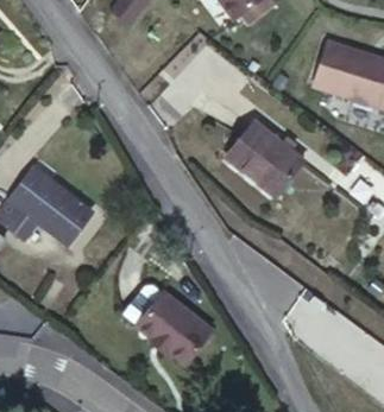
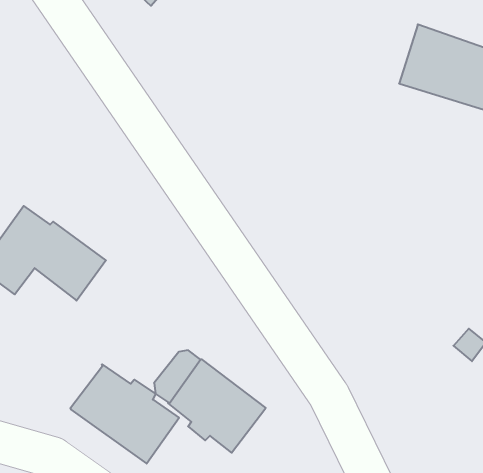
building: [231,120,309,195] -> none
building: none -> [70,364,179,464]

